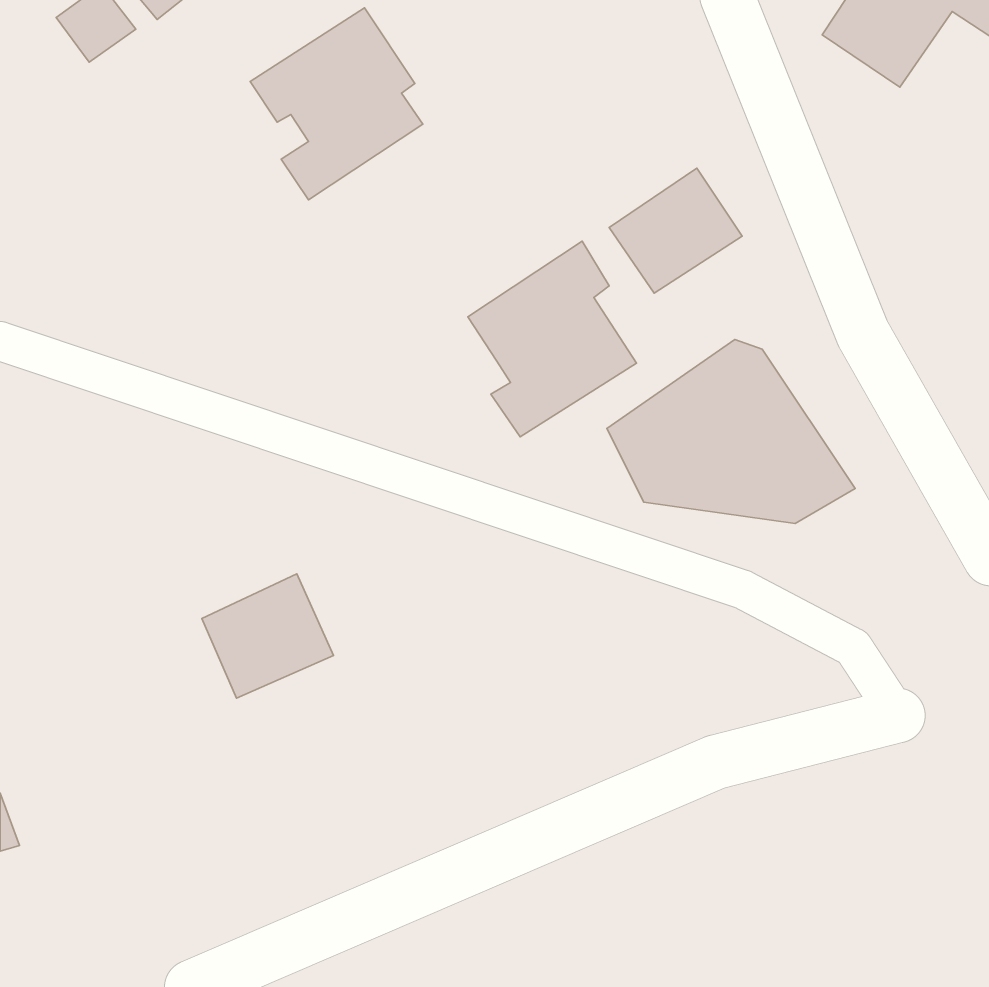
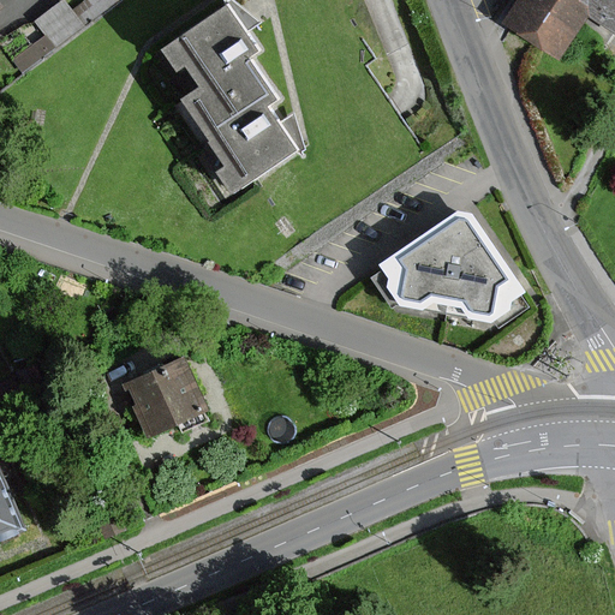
building: [609,168,742,293] -> none
building: [468,241,636,437] -> [192,77,297,198]

